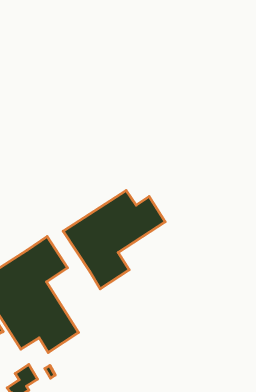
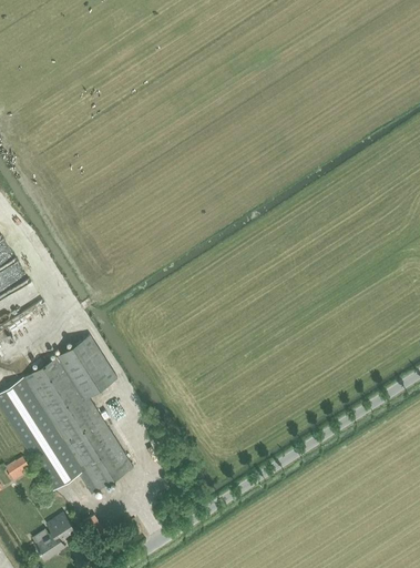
building: [63,190,165,289] -> none

